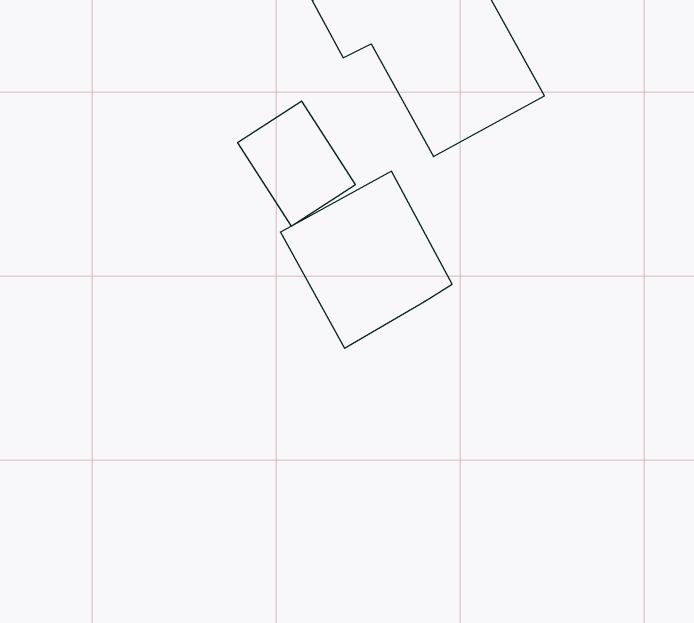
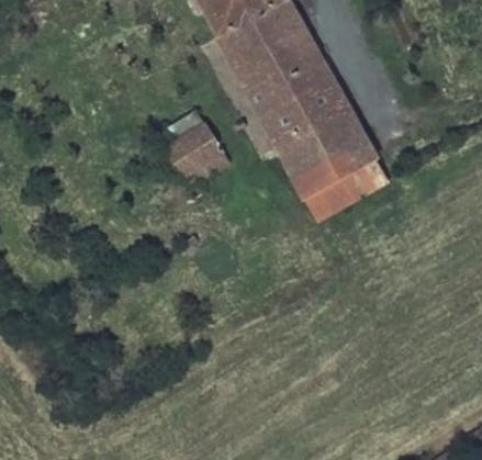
building: [280,171,452,348] -> [279,108,388,220]

